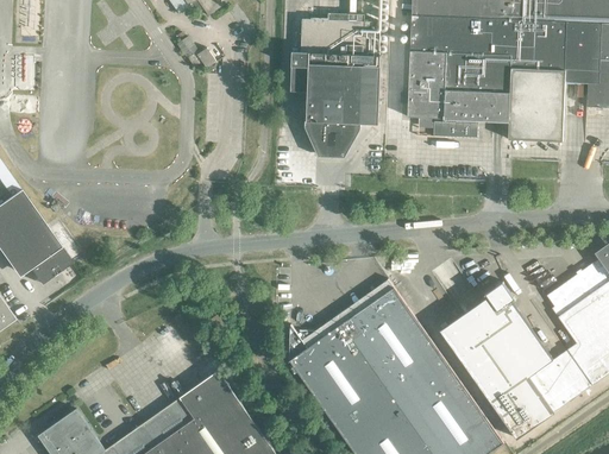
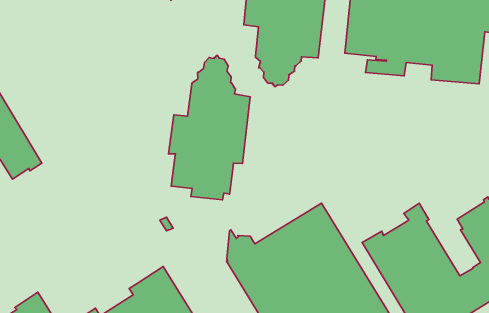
building: none -> [168,55,250,200]

